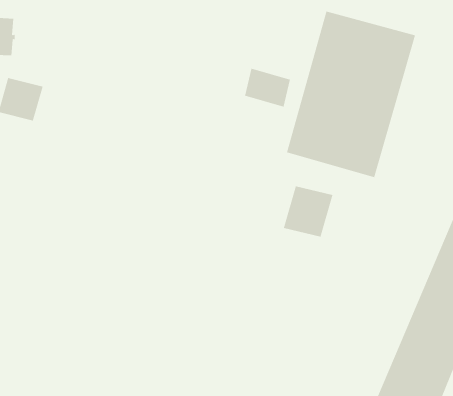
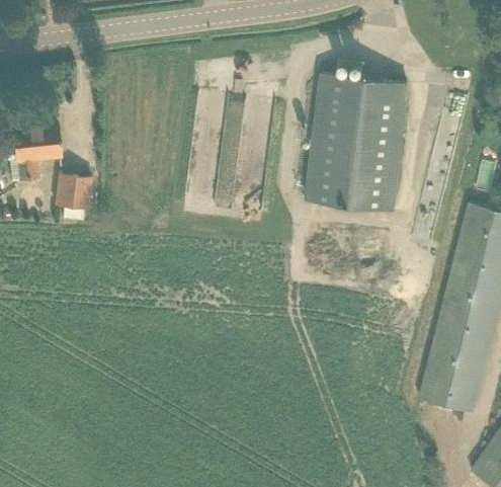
building: [245,68,291,108] -> none
building: [283,185,333,238] -> none

